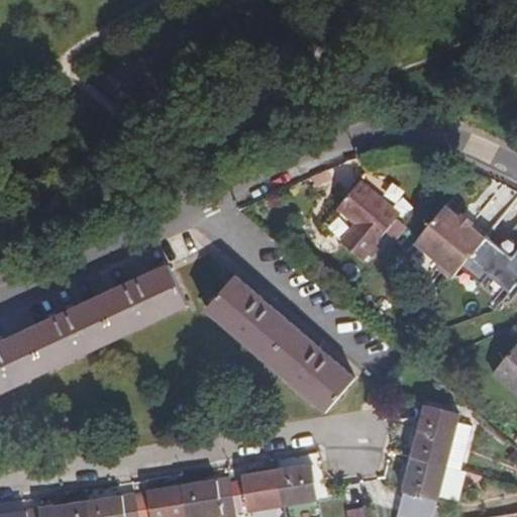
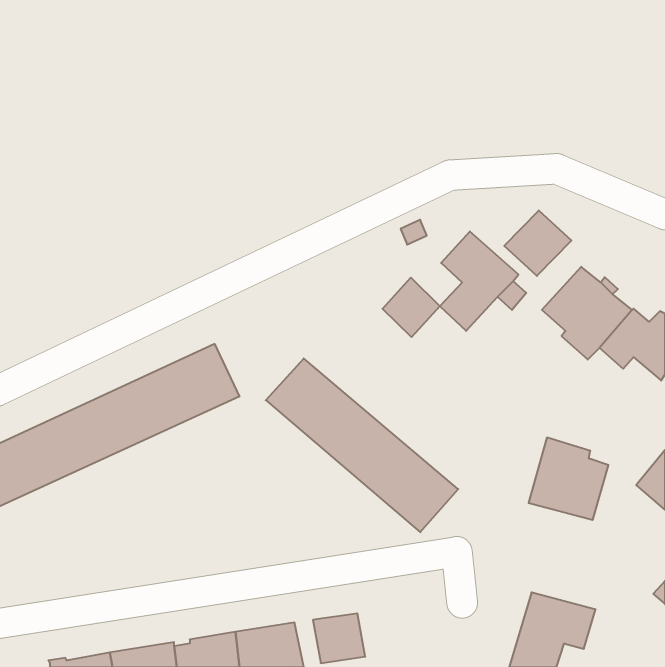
building: none -> [504,210,571,276]
building: none -> [382,278,440,337]
building: [410,407,472,471] -> [529,438,608,520]
building: [276,468,316,507] -> none

